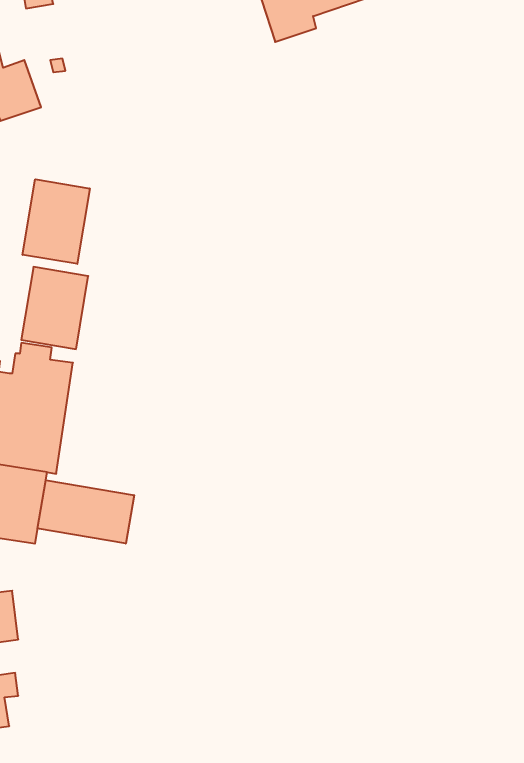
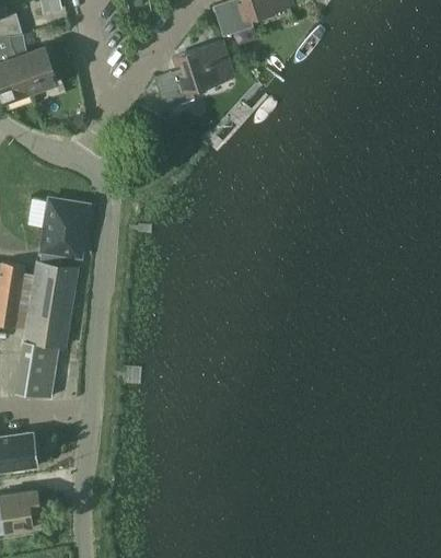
building: none -> [154,42,230,108]
building: [23,179,90,264] -> none
building: [38,480,134,544] -> none

